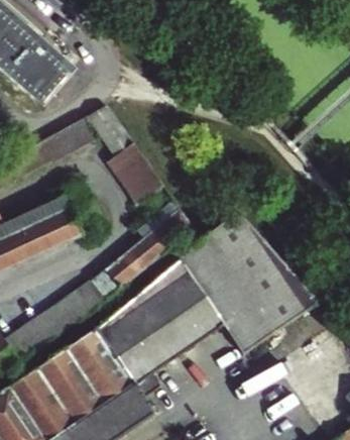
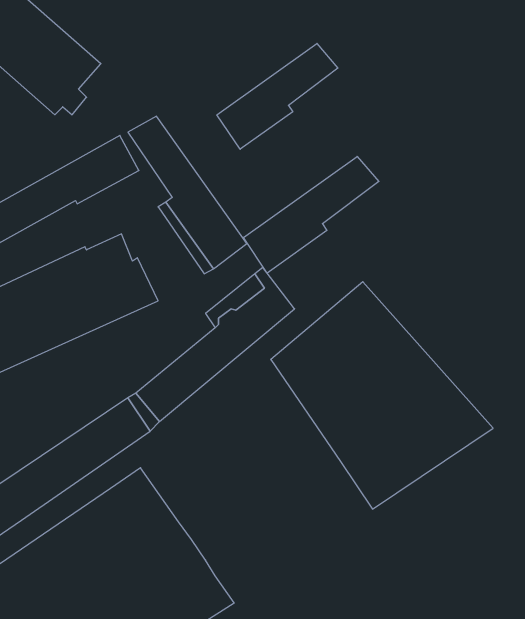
building: none -> [217,43,338,149]
building: none -> [243,156,379,273]
building: [95,259,222,397] -> none

